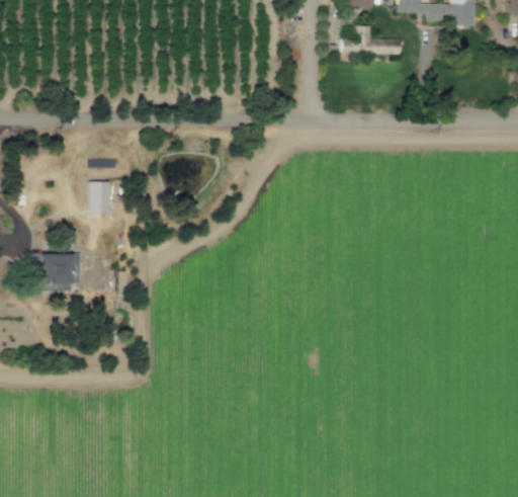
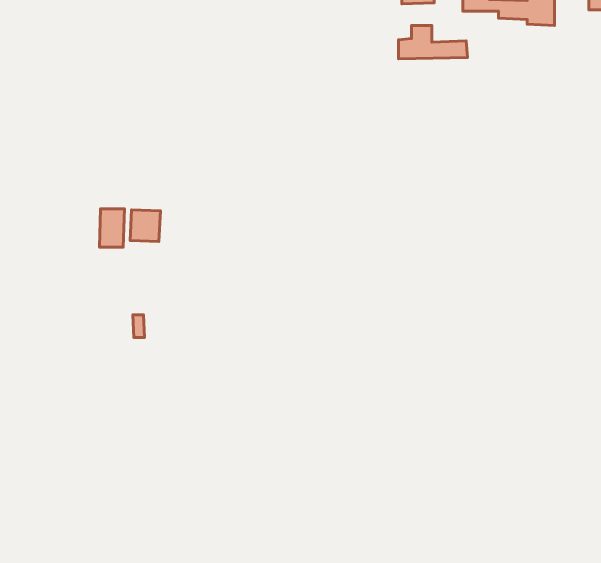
building: none -> [130,210,160,241]
building: [39,254,80,292] -> none

